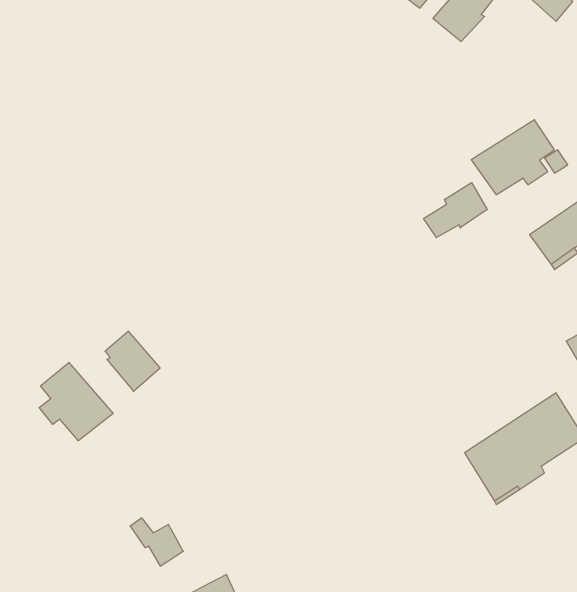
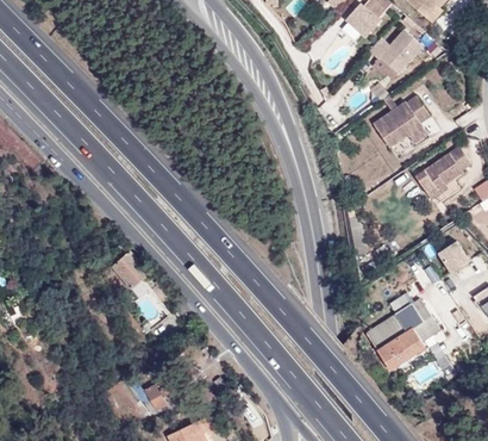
building: none -> [369,30,423,75]
building: [424,183,487,238] -> none
building: [39,362,113,441] -> none

